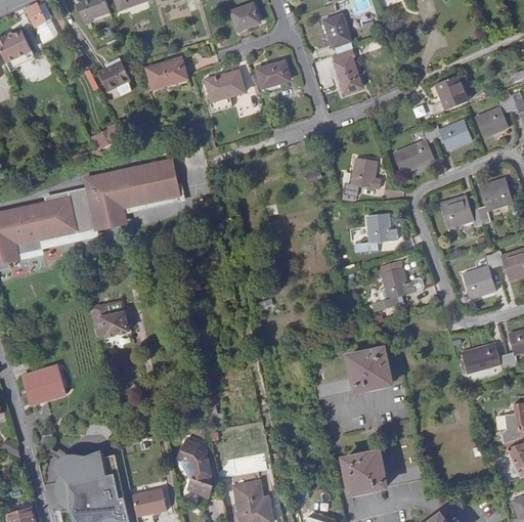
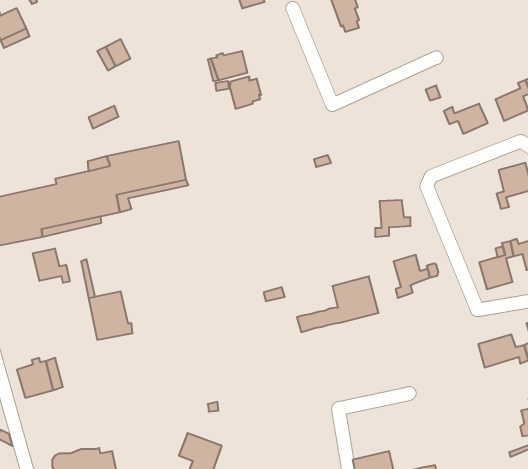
building: [146,57,188,89] -> none
building: [332,58,358,95] -> none
building: [255,60,286,91] -> [229,77,261,109]
building: [434,74,468,110] -> none
building: [395,129,434,173] -> none
building: [346,162,383,200] -> none
building: [441,195,483,228] -> none
building: none -> [33,248,70,283]
building: [314,348,392,401] -> [297,276,379,332]

